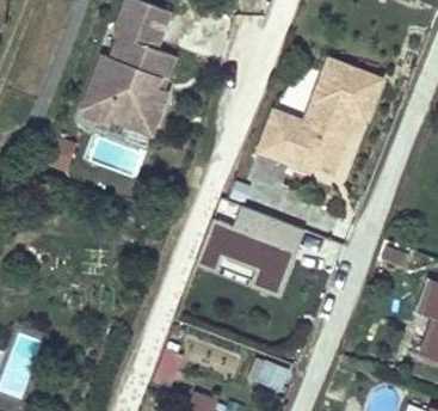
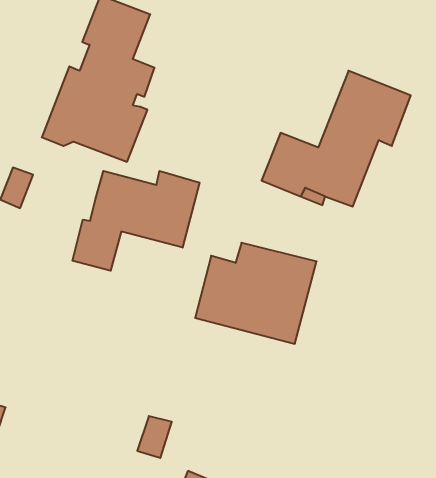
building: none -> [72,171,200,271]

